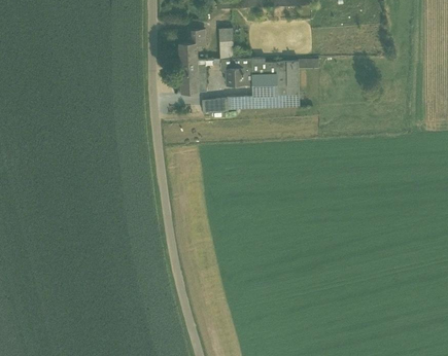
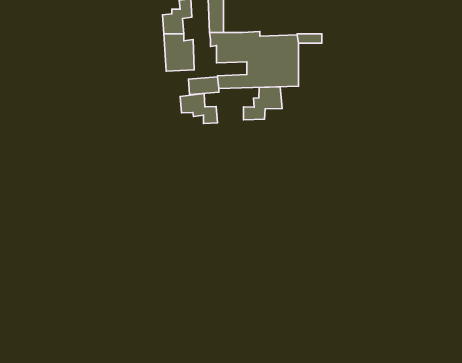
building: none -> [244,87,282,120]
building: none -> [180,93,218,124]

